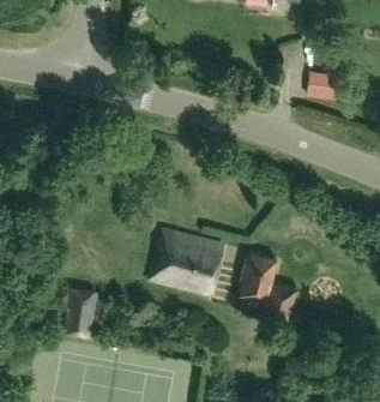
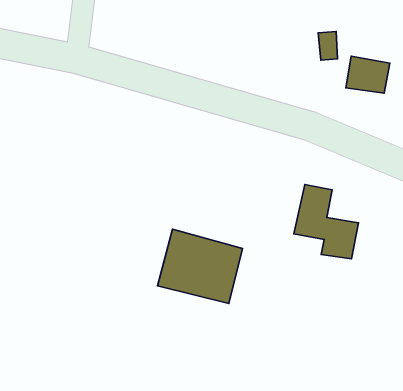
building: [240,252,296,317] -> [294,184,358,259]
building: [62,300,92,335] -> none

